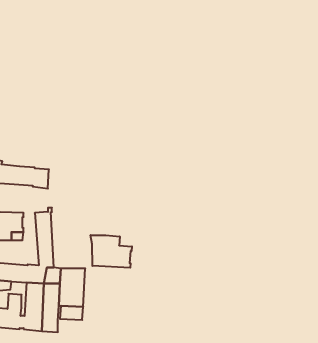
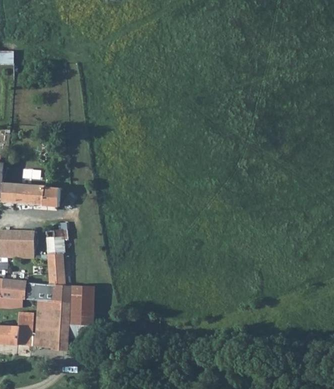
building: [91,235,132,268] -> none

